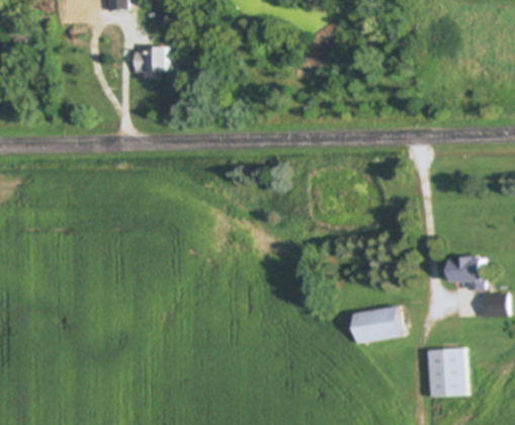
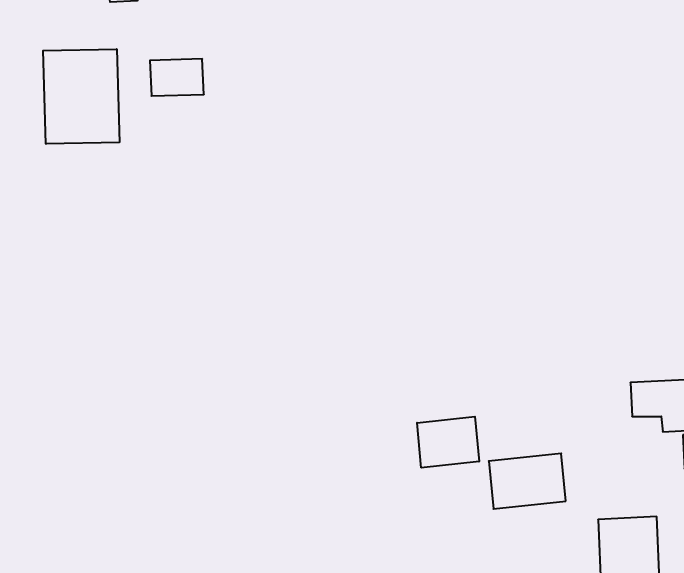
building: none -> [43,49,119,144]
building: none -> [417,417,479,468]

